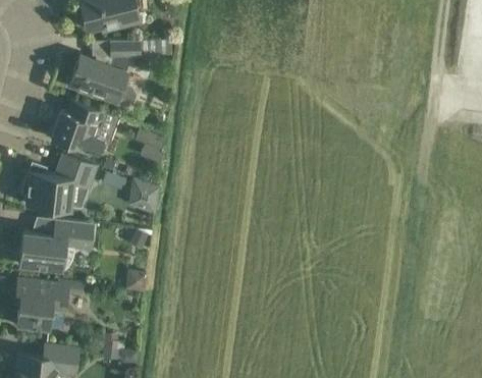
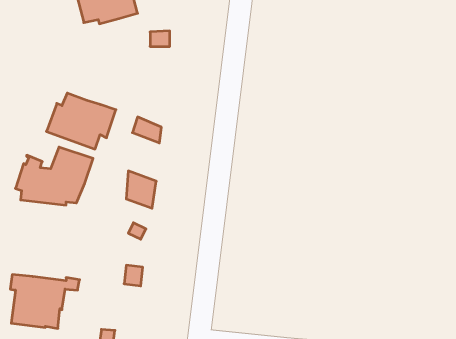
building: [68,41,143,106] -> none
building: [17,220,93,271] -> none

